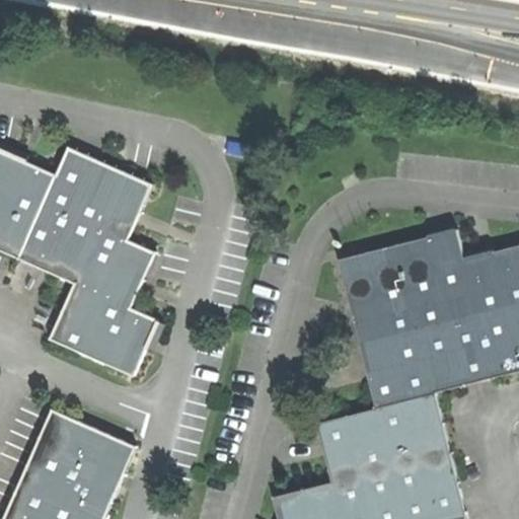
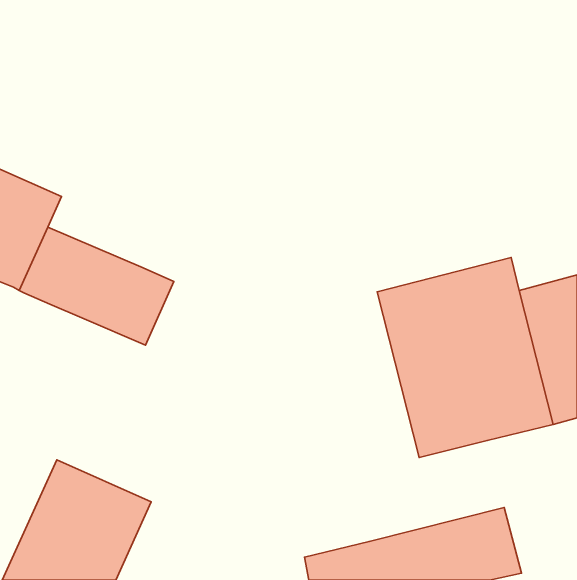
building: [43,149,151,239] -> none
building: [49,284,158,377] -> none
building: [315,393,450,484] -> none

